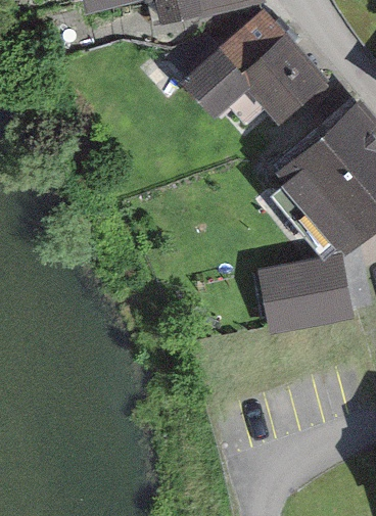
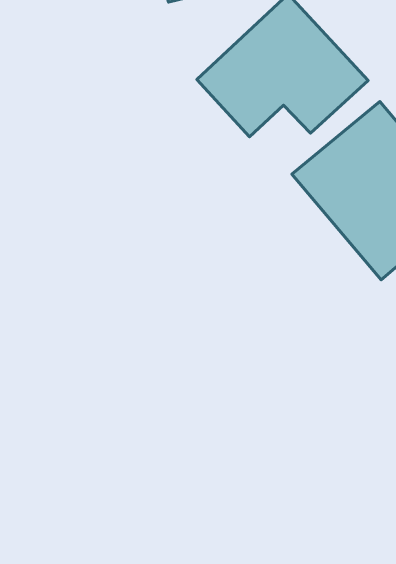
building: [249,259,343,336] -> none

